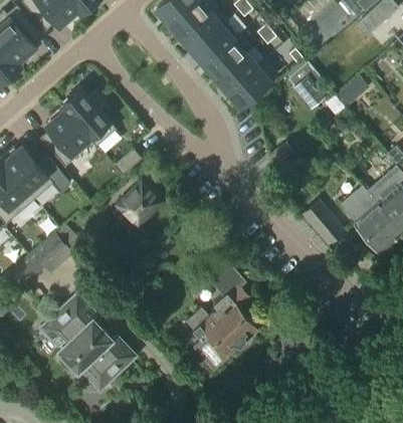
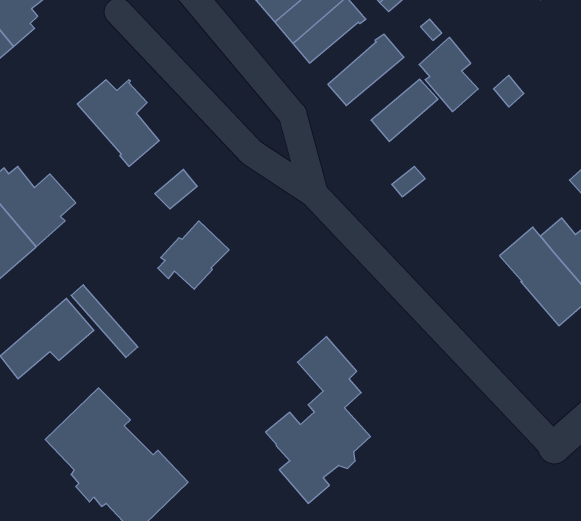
building: [214,52,258,93] -> [371,79,438,142]
building: [38,107,89,168] -> none
building: [301,203,344,246] -> none

